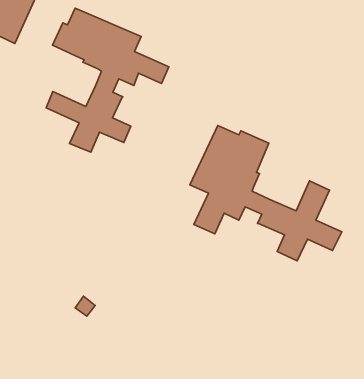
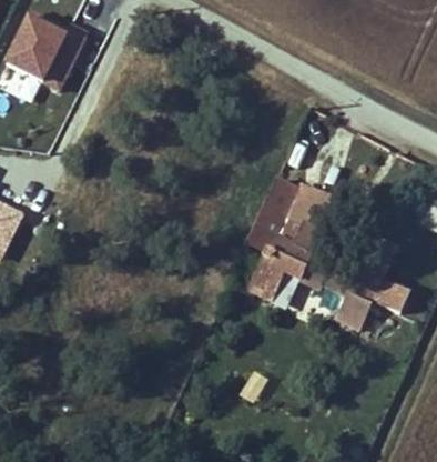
building: [46,8,169,152] -> none

